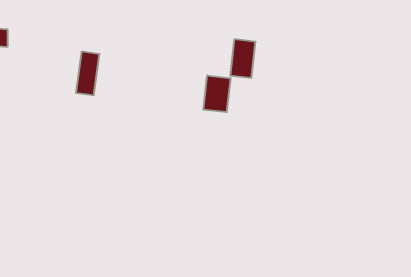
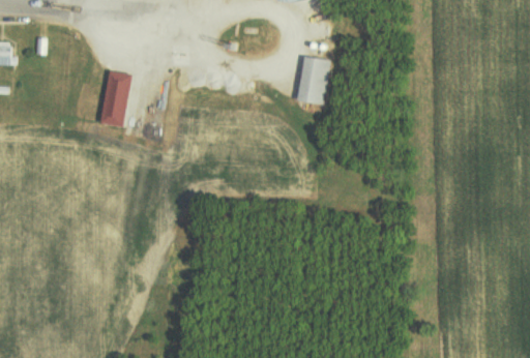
building: [203,75,230,112] -> none

